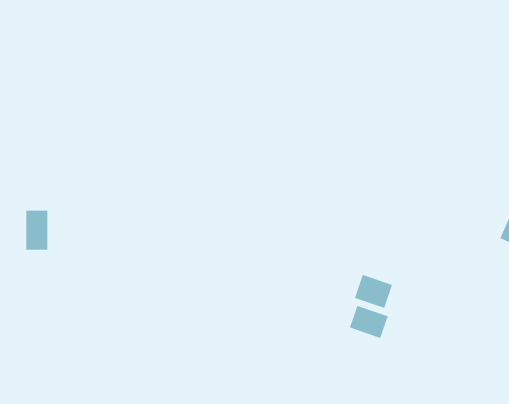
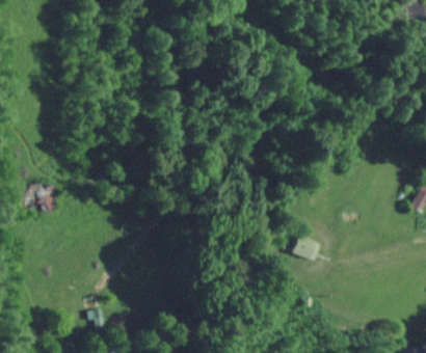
building: [349,305,388,339] -> none

